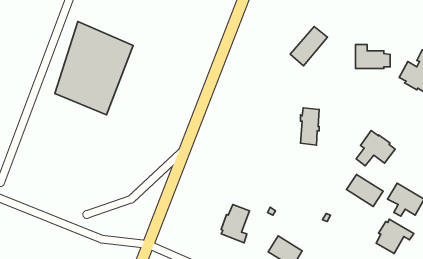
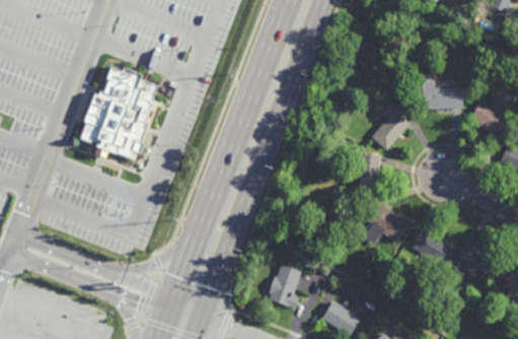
building: [290,27,327,66] -> [372,105,415,149]
building: [356,130,395,166] -> [363,204,408,245]
building: [376,219,414,254] -> none

